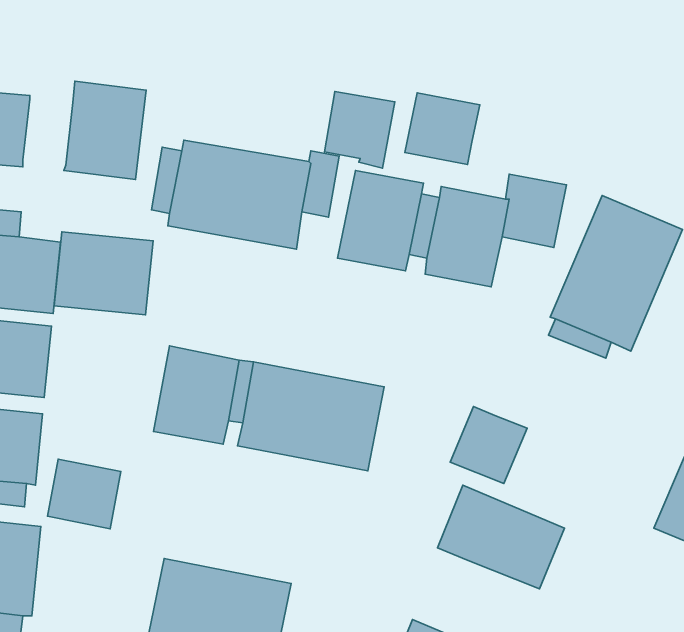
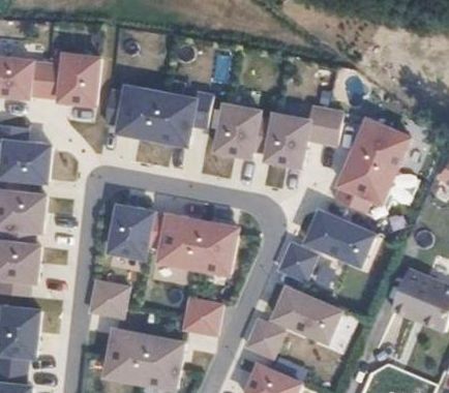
building: [325,91,395,168] -> none
building: [405,93,480,165] -> none
building: none -> [29,61,58,99]
building: [54,232,153,315] -> none
building: none -> [302,209,376,268]
building: [47,459,121,529] -> [88,279,130,320]
building: none -> [182,297,223,337]
building: none -> [243,315,287,360]

